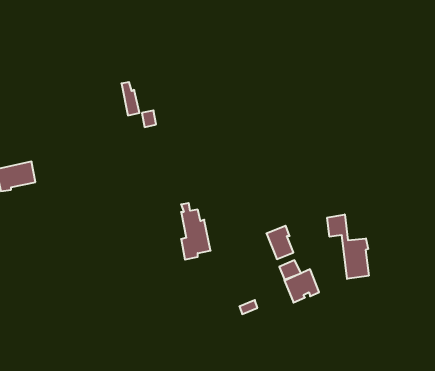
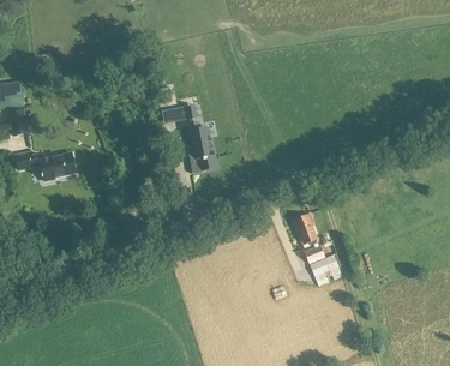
building: [181,203,211,260] -> [188,120,216,173]
building: [327,214,369,279] -> none

